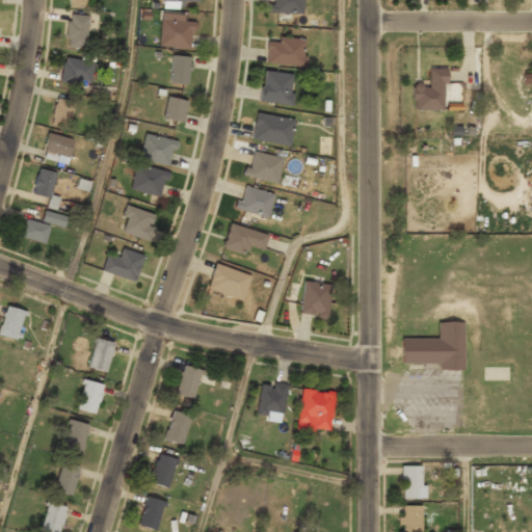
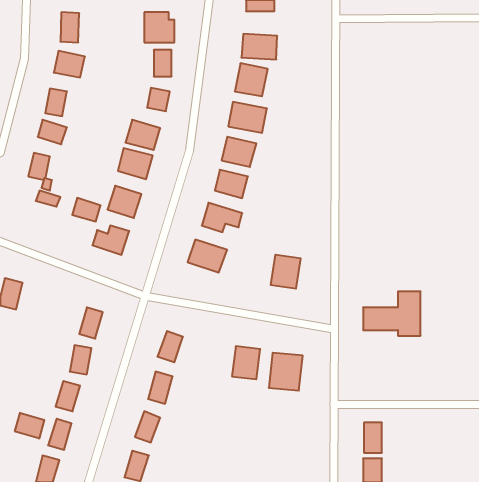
building: [415,69,447,111] -> none
building: [22,218,53,244] -> [72,198,101,221]
building: none -> [15,413,44,439]

